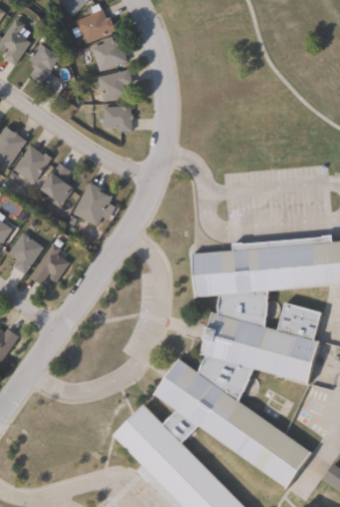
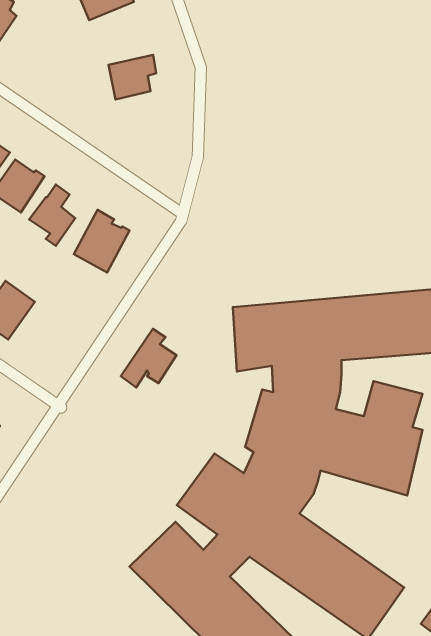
building: [92,36,128,71] -> none
building: [30,46,61,85] -> none
building: [104,106,132,133] -> none
building: [31,243,71,286] -> [121,329,177,387]

